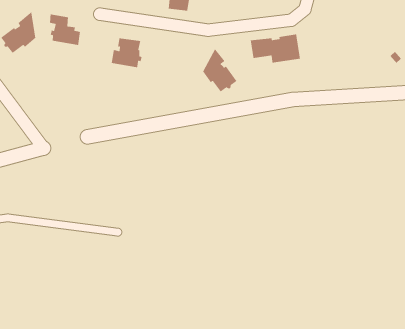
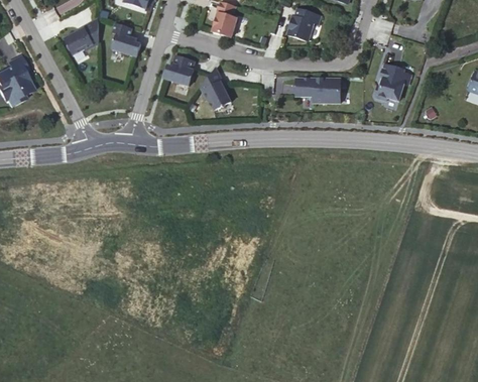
building: none -> [373,65,409,102]
building: [202,48,237,92] -> [200,68,231,110]

